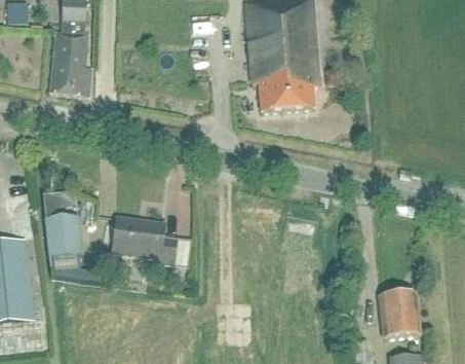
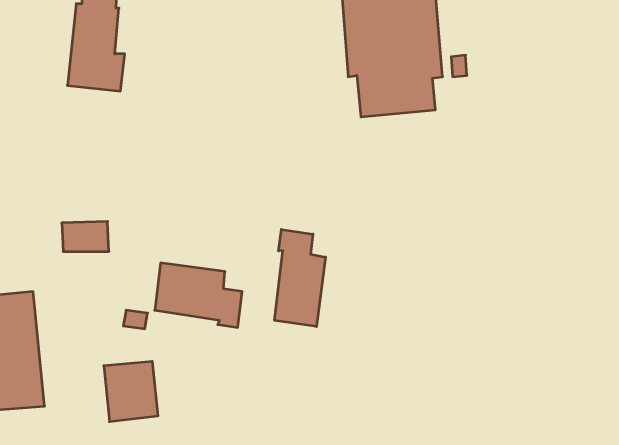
building: none -> [275,229,326,327]
building: [44,214,83,257] -> [104,361,158,422]
building: [379,292,419,338] -> none

